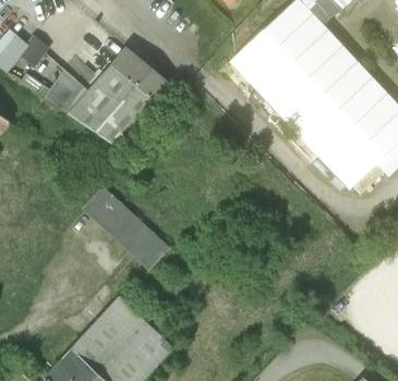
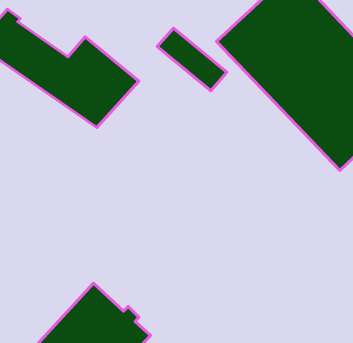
building: [111,48,177,107] -> [157,28,227,91]
building: [84,185,171,268] -> none

